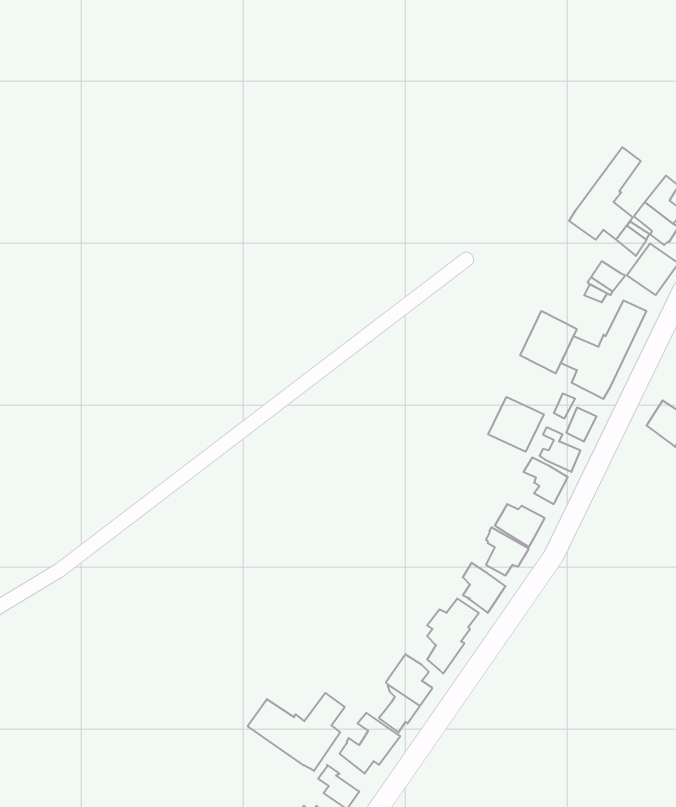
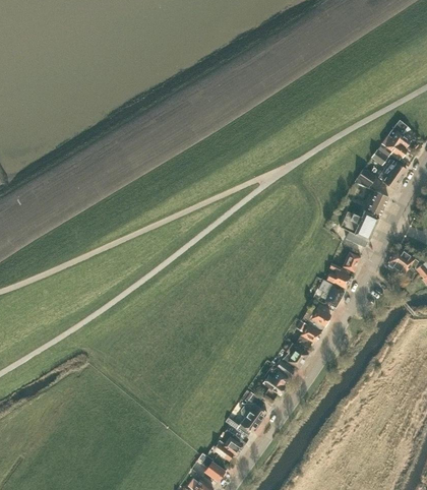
building: [569,147,641,240] -> none
building: [520,311,577,373] -> none
building: [488,397,544,452] -> none
building: [248,693,345,771] -> none

